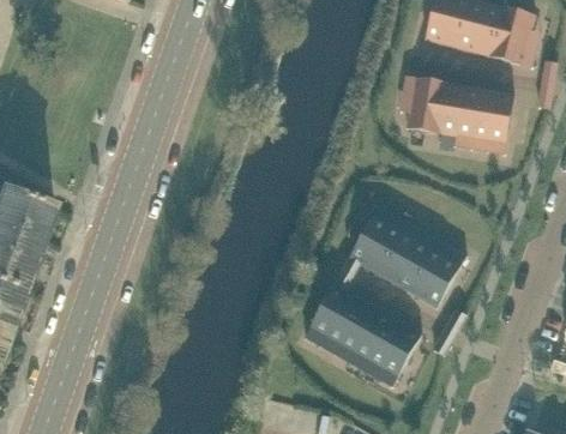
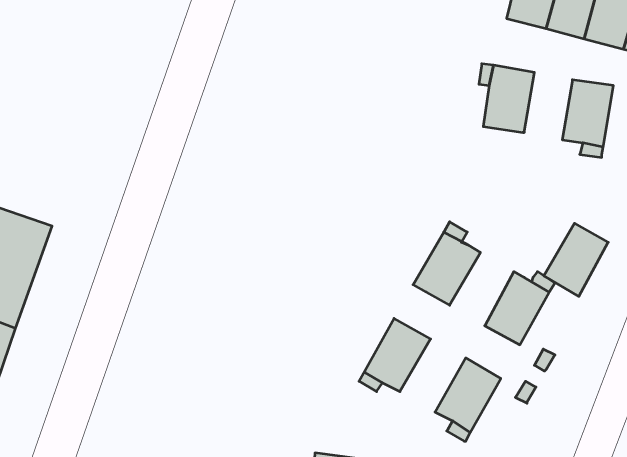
building: [441,83,481,138] -> none
building: [380,230,433,290] -> [544,223,608,296]
building: [339,301,393,361] -> none

